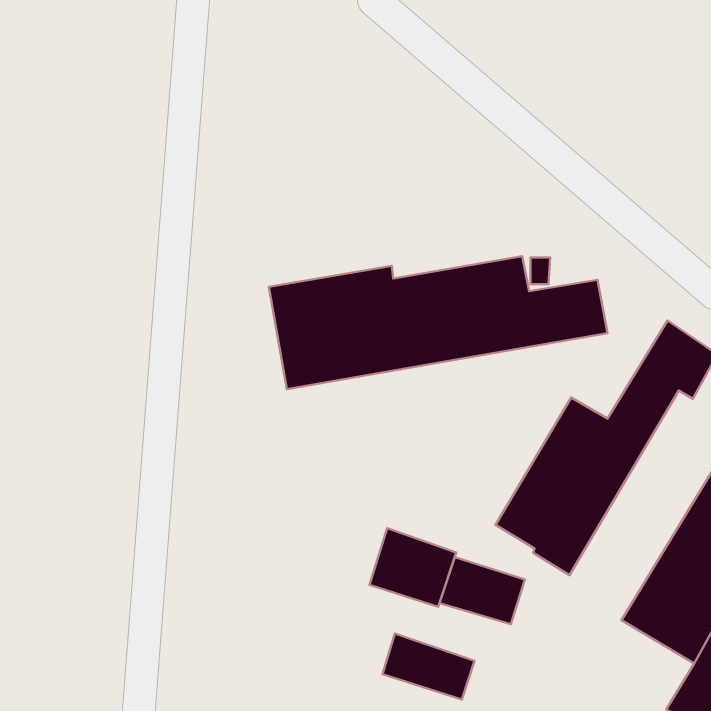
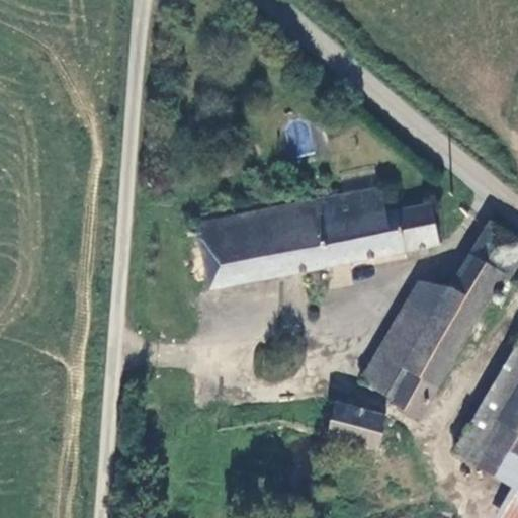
building: [370,528,456,607] -> none
building: [382,634,474,699] -> none

